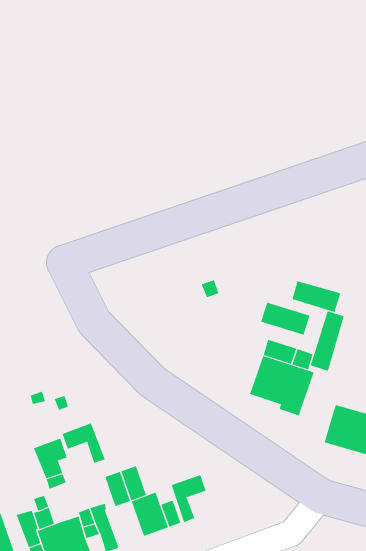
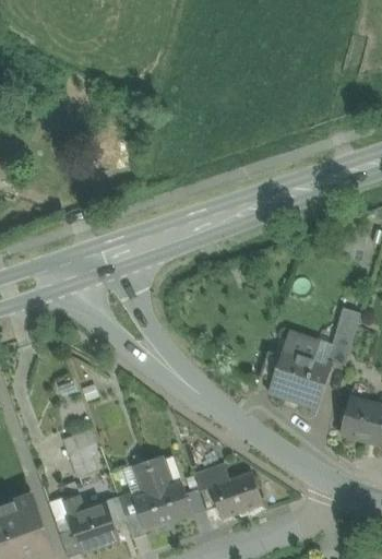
building: [292,281,341,313] -> none
building: [260,302,310,335] -> none
building: [62,422,106,463] -> none
building: none -> [210,471,262,518]
building: none -> [132,488,168,530]

